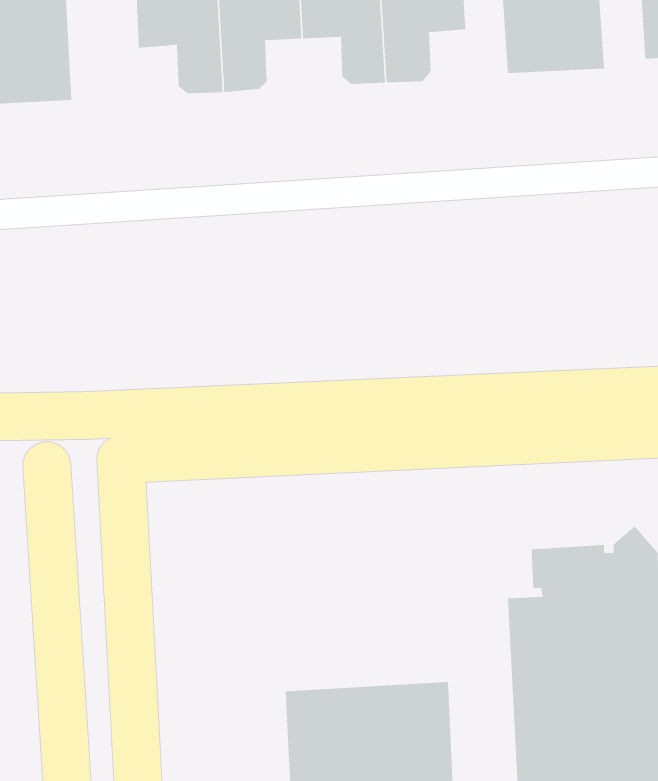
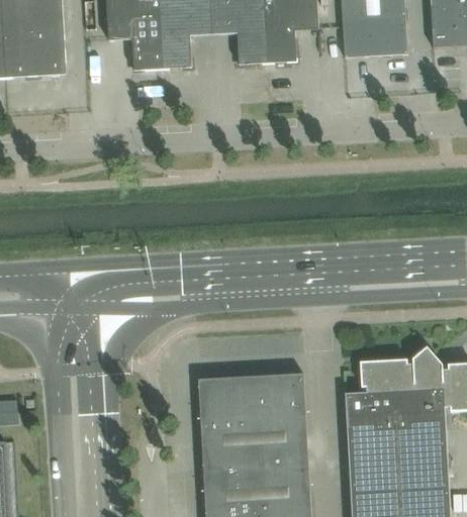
building: none -> [199,374,307,453]

